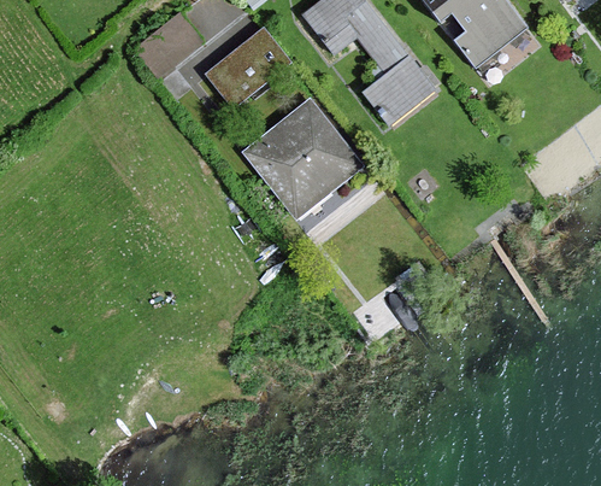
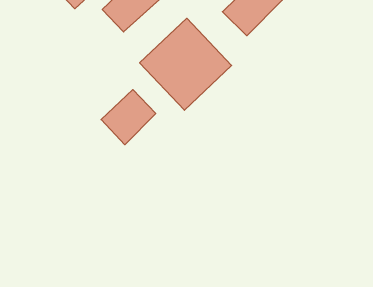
building: none -> [101,90,156,145]

